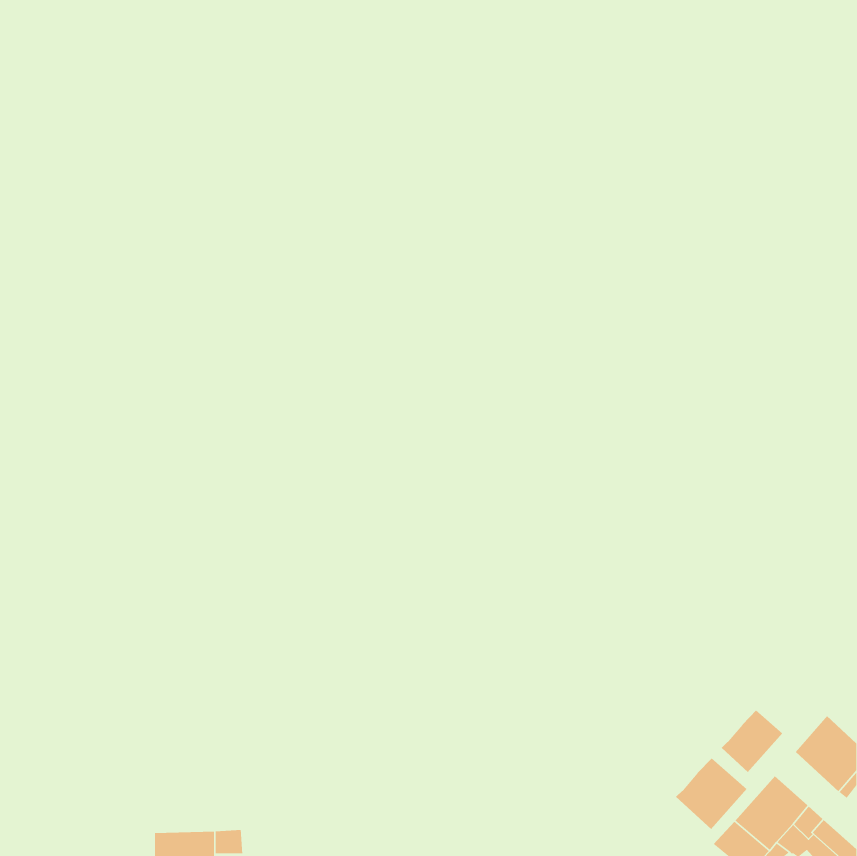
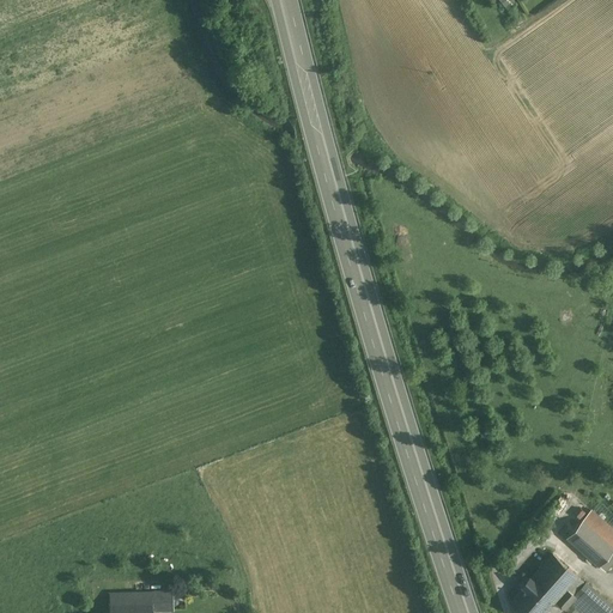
building: [721,710,783,773] -> none
building: [675,758,748,830] -> none

